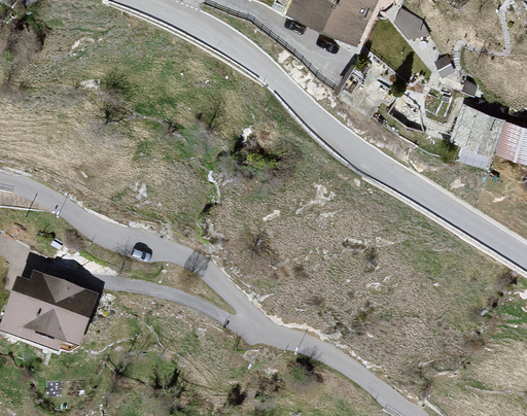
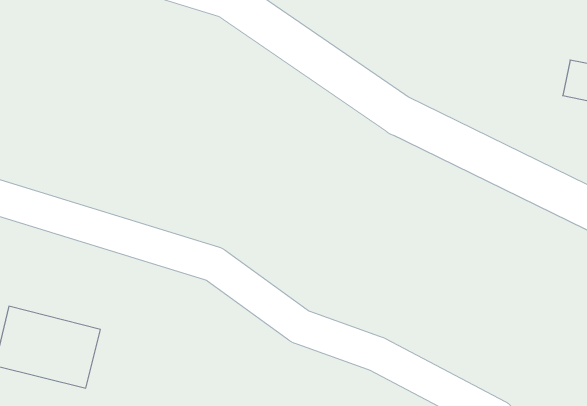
building: [453,106,500,151] -> none

